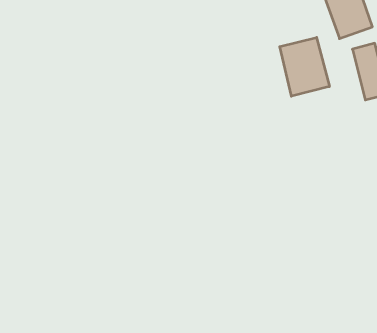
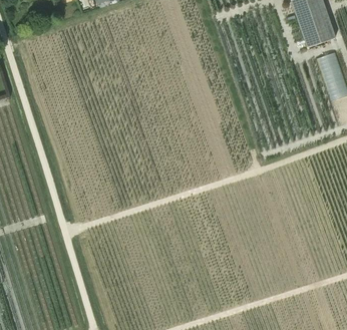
building: [280,37,329,96] -> none

